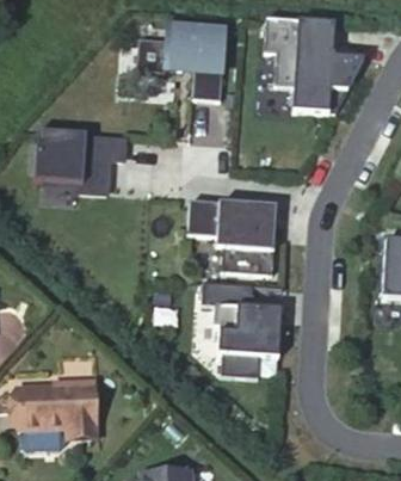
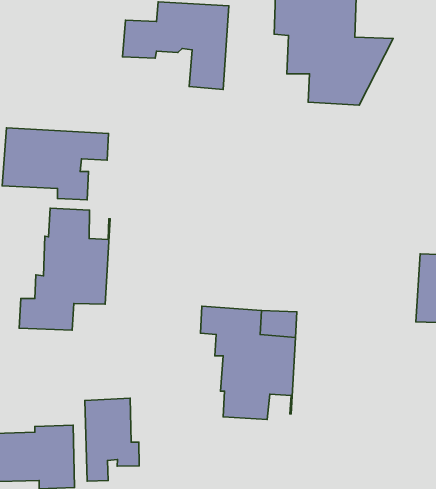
building: none -> [19,208,110,330]
building: [189,198,277,271] -> none
building: none -> [85,398,139,481]

